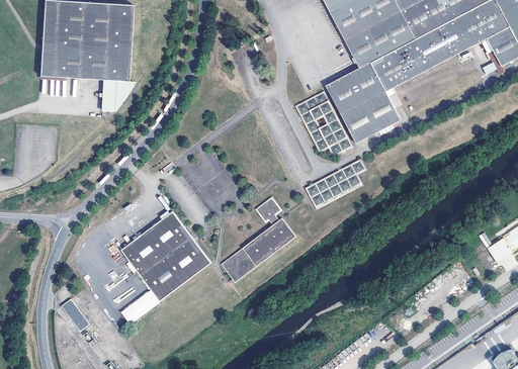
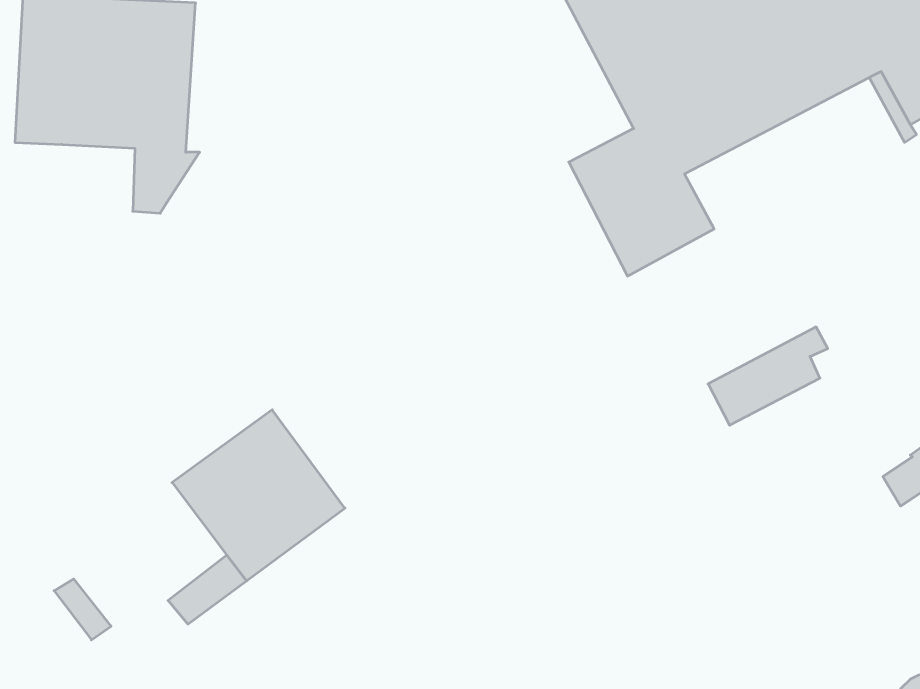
building: [294,91,353,158] -> none
building: [305,159,366,209] -> [708,327,828,425]
building: [220,197,295,283] -> none

